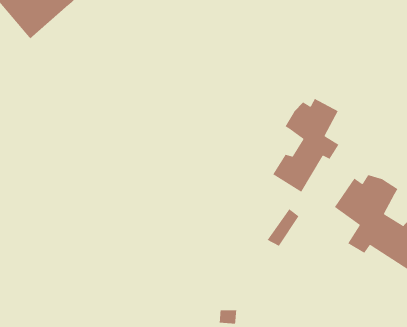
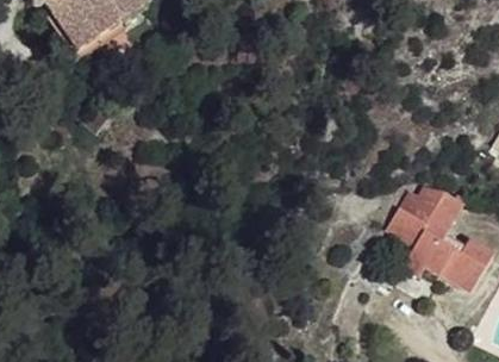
building: [272,98,340,193] -> none

